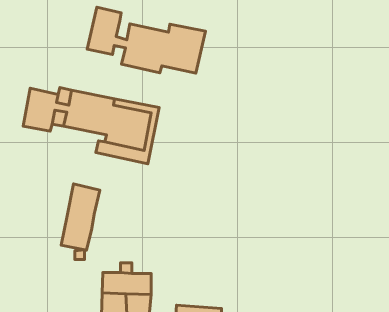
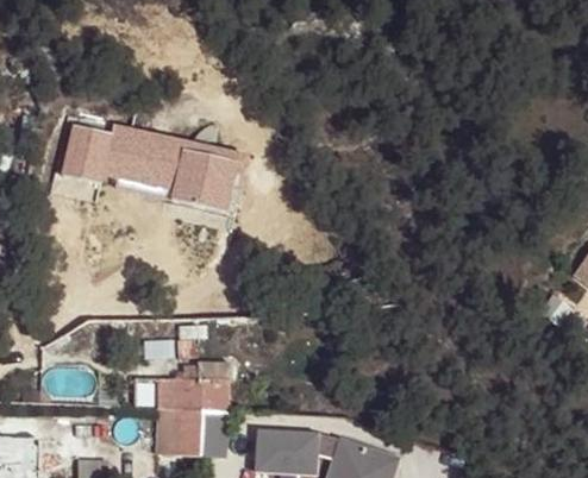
building: [87,7,206,73] -> none
building: [61,184,100,250] -> none

